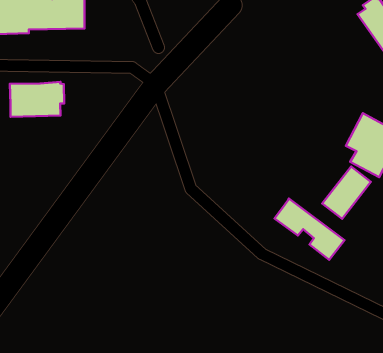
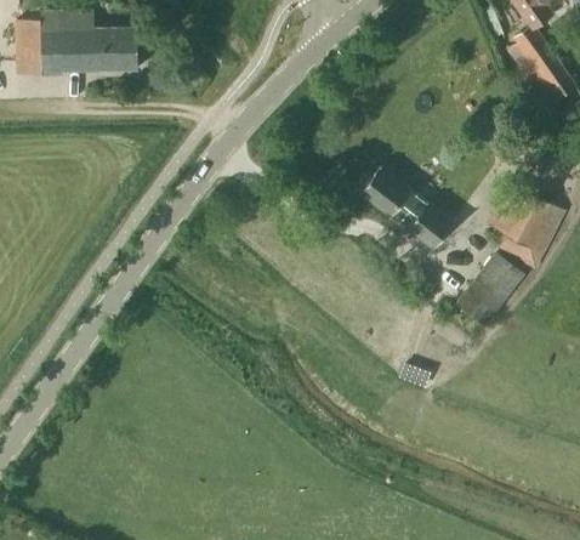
building: [10,82,64,117] -> none
building: [274,199,345,260] -> [360,166,455,249]

